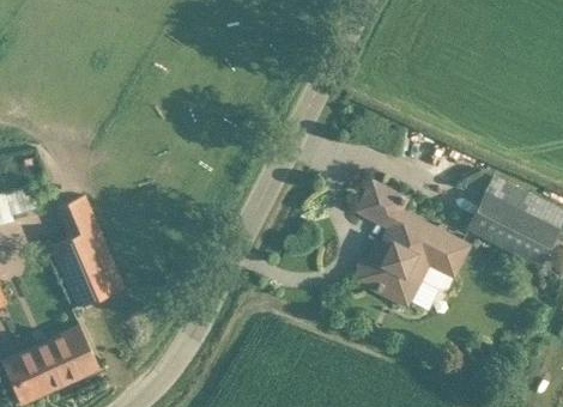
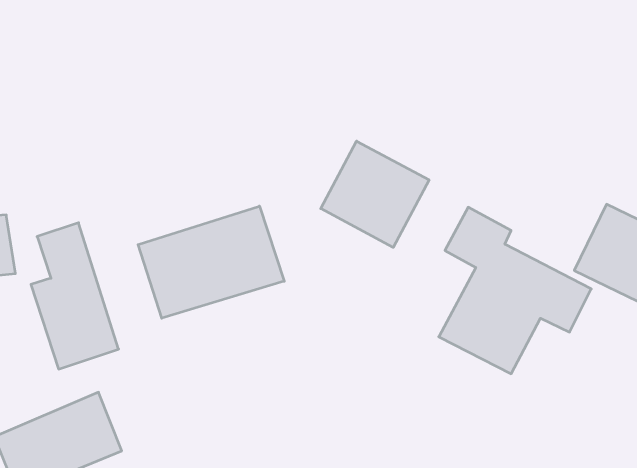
building: none -> [321,141,429,247]
building: none -> [138,206,284,318]

